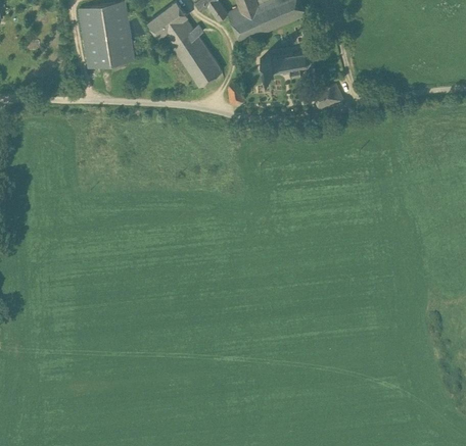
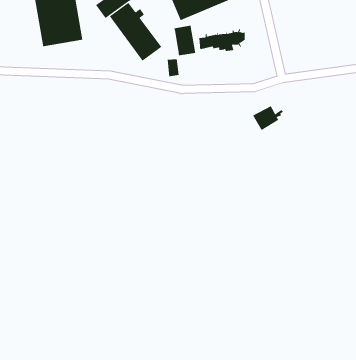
building: none -> [174,25,196,56]
building: [313,86,348,114] -> [252,105,284,131]

